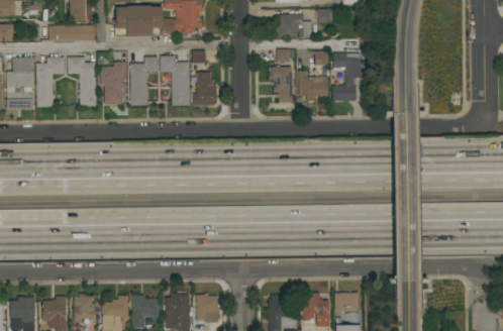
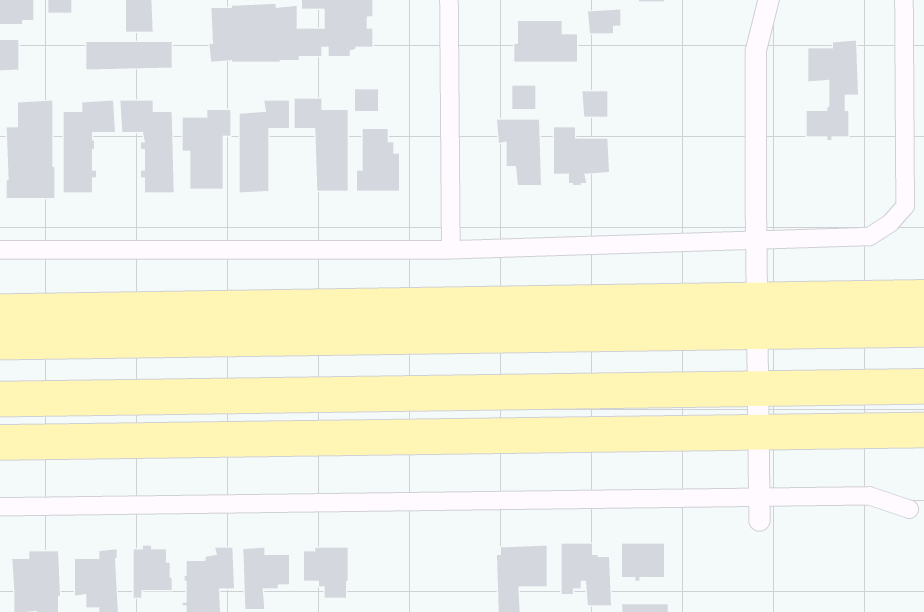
building: [332,48,361,102] -> [806,40,859,141]
building: [196,293,218,322] -> none

